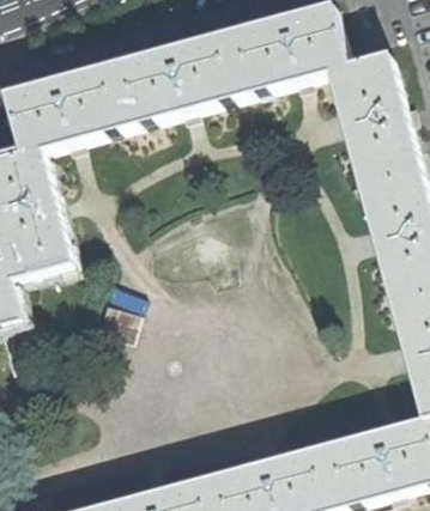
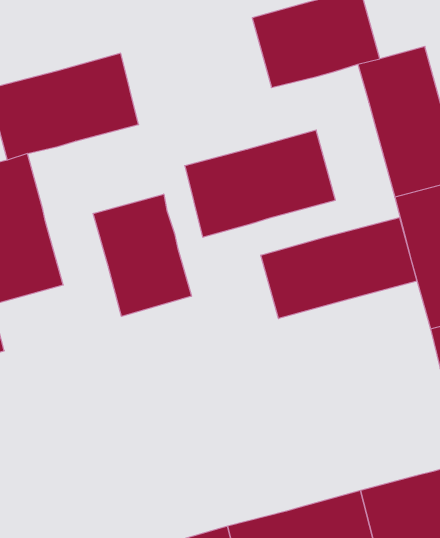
building: [120,28,252,121] -> [185,130,335,237]
building: none -> [93,194,191,316]
building: none -> [261,218,417,319]

